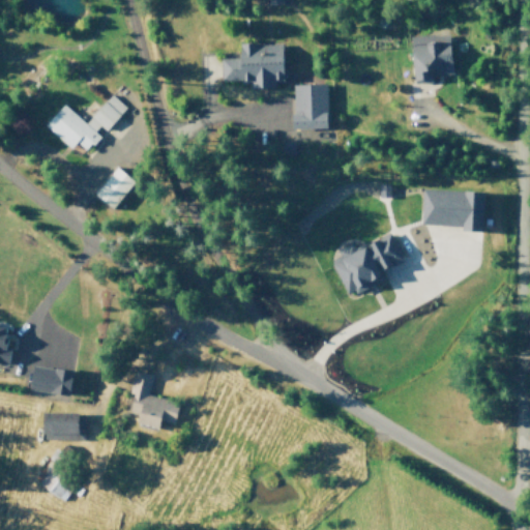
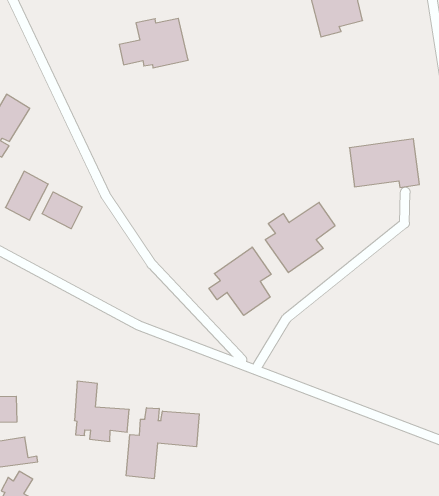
building: [291,84,329,129] -> none
building: none -> [42,192,82,229]
building: none -> [209,247,271,315]
building: none -> [126,408,199,479]

